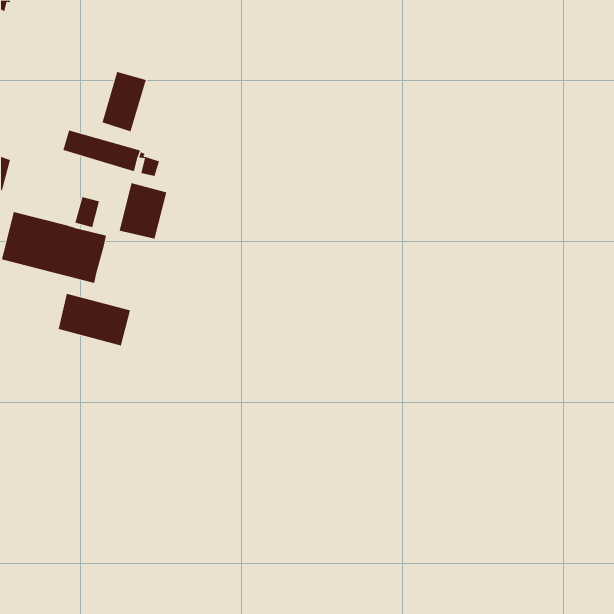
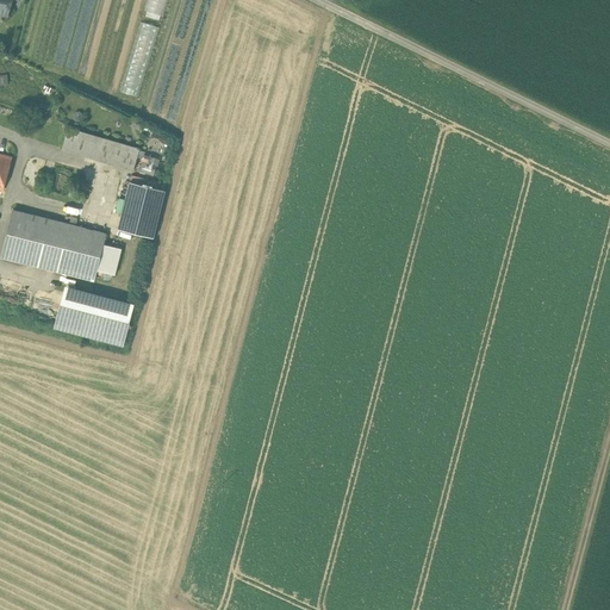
building: [102,71,146,132] -> none
building: [75,196,100,228] -> [97,244,122,275]

